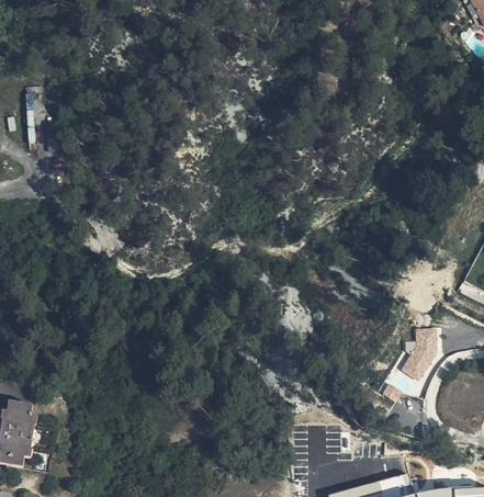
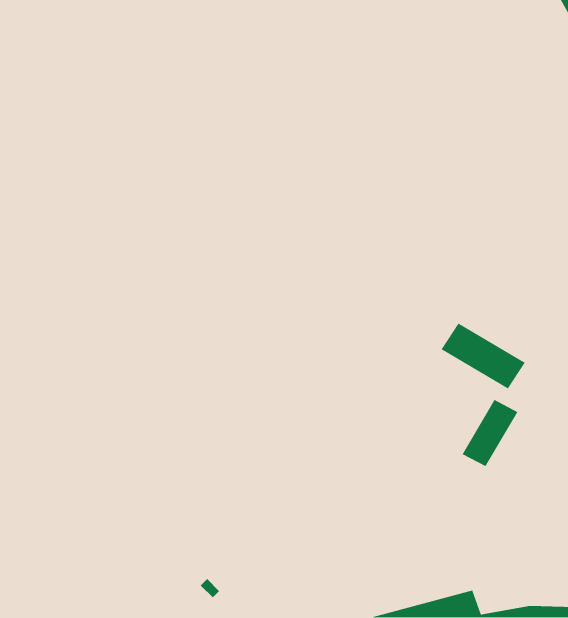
building: none -> [440,323,526,390]

